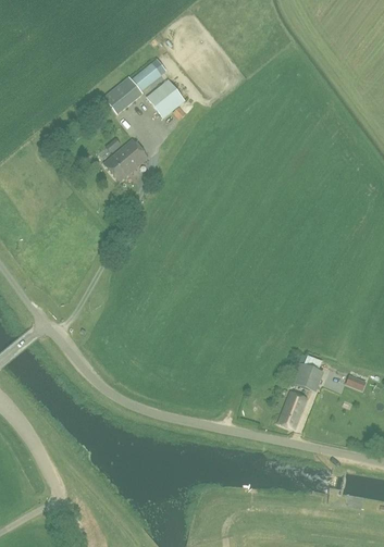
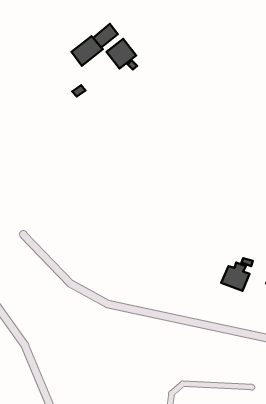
building: [103,137,148,181] -> none
building: [278,390,307,428] -> none

